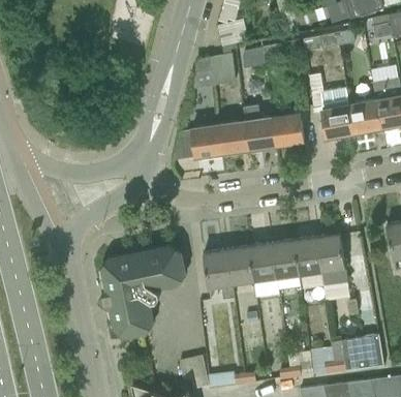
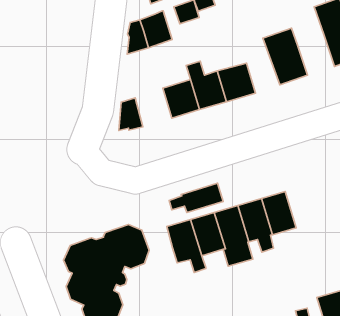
building: [349,99,380,133] -> none
building: [191,125,223,158] -> none
building: none -> [169,183,223,213]
building: [317,235,347,285] -> none

